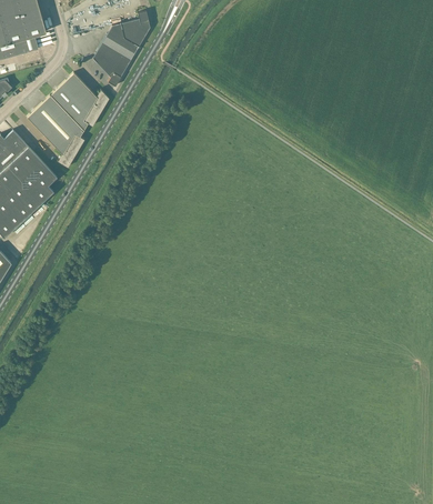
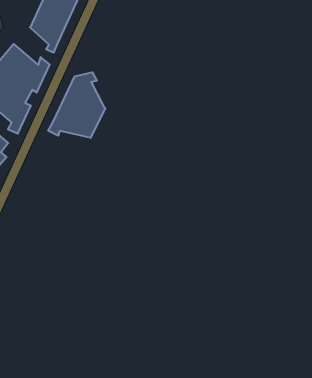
building: none -> [48,72,105,138]

